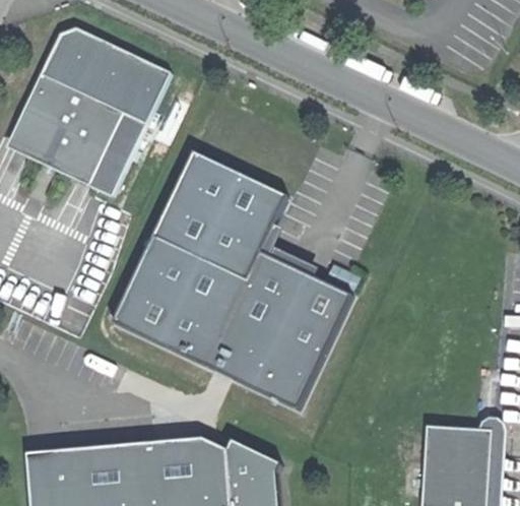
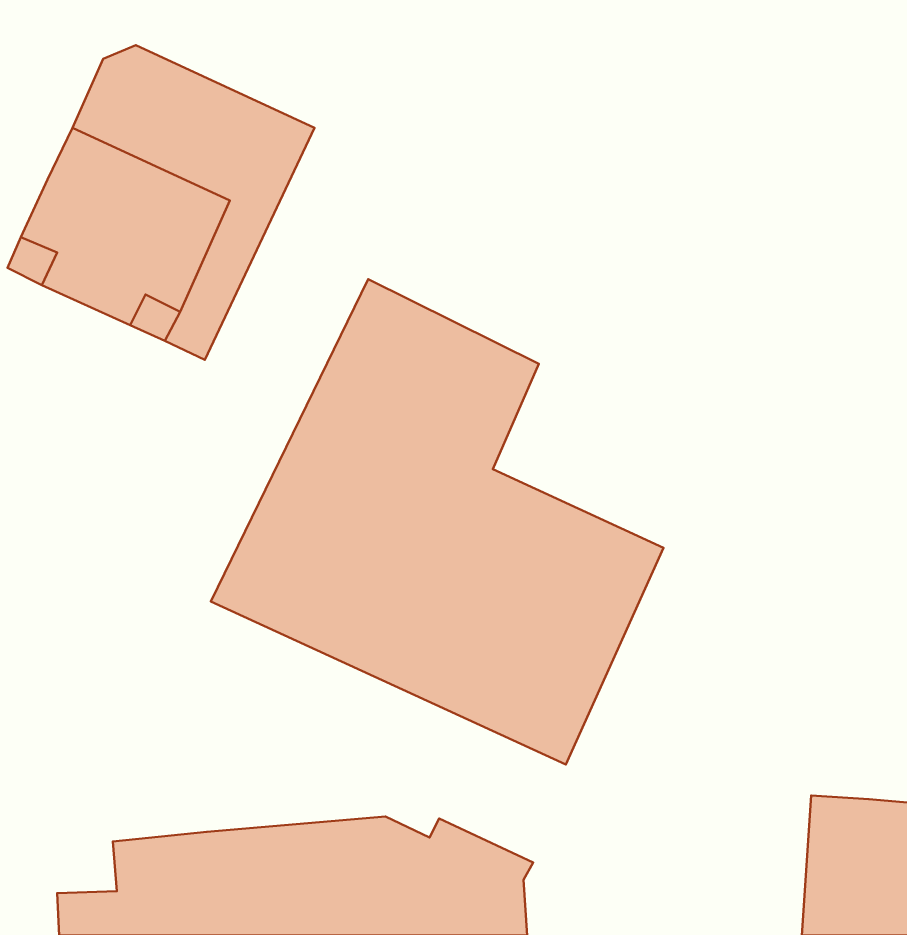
building: [29,451,63,479] -> none

